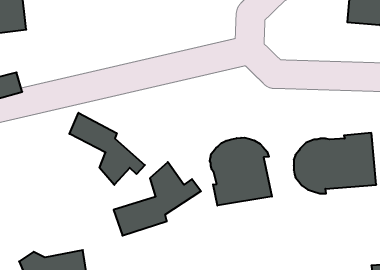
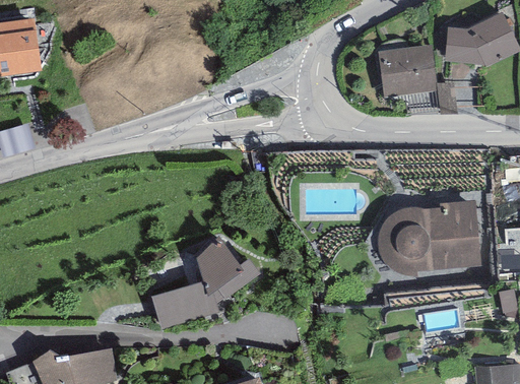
building: none -> [377,45,437,97]
building: [69,113,145,185] -> none
building: [210,138,272,206] -> none

